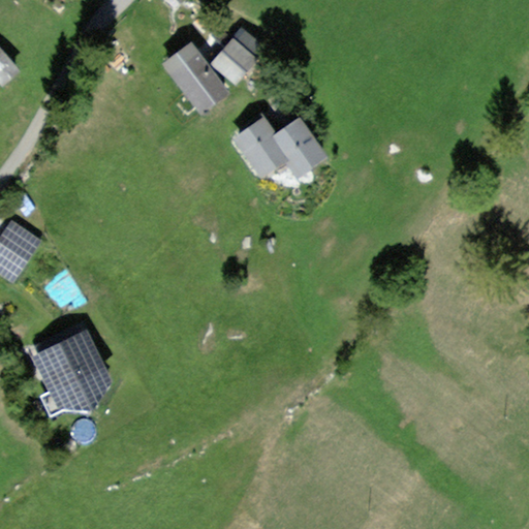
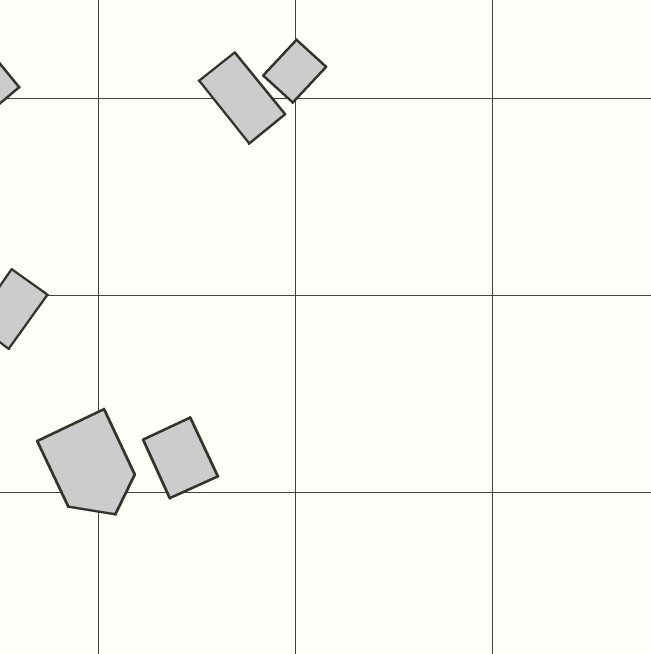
building: [229,115,332,184] -> none
building: none -> [143,417,218,498]

